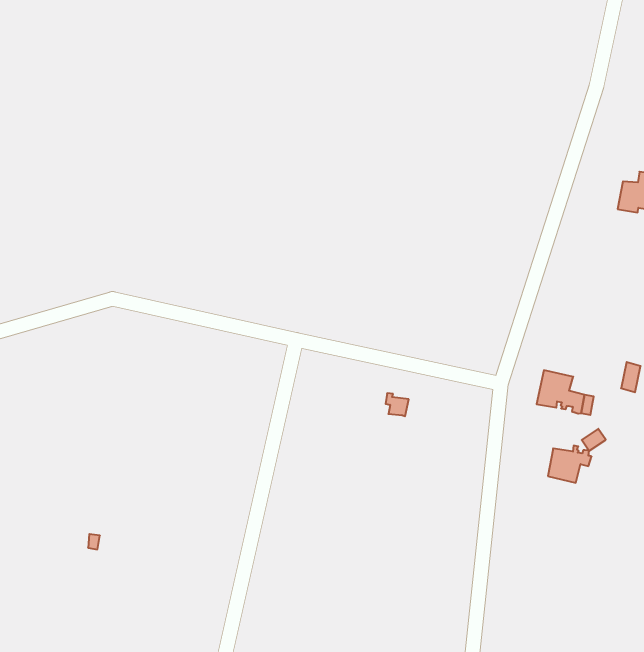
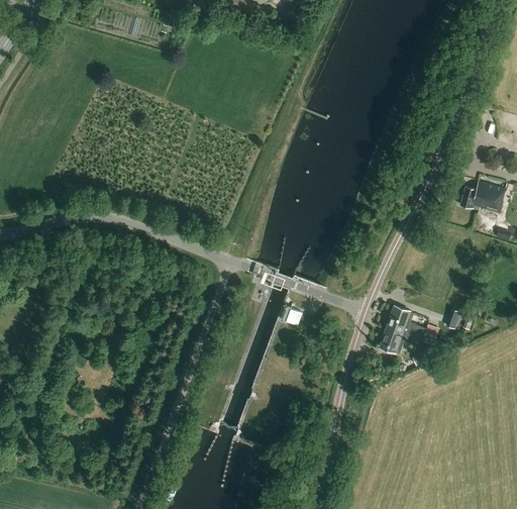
building: [548,446,592,483] -> [381,328,412,353]

